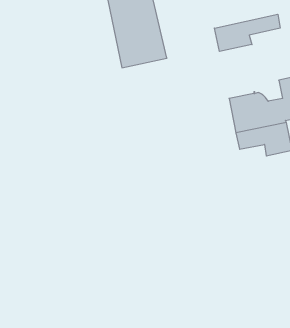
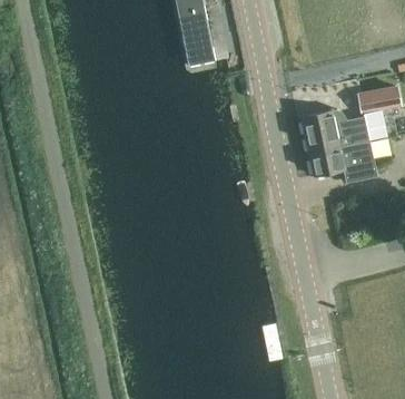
building: [214,14,280,51] -> none

